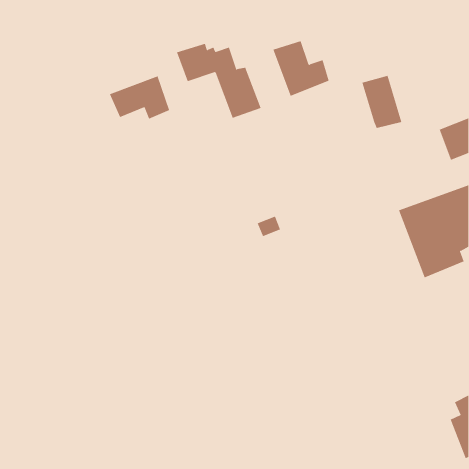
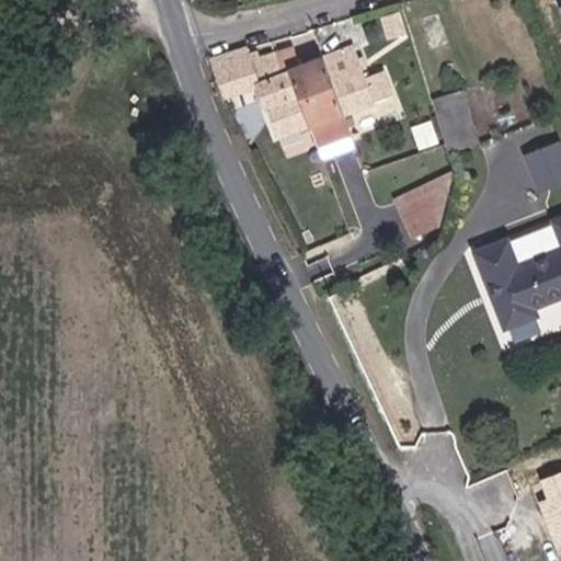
building: none -> [274,50,354,148]
building: [109,76,170,120] -> none
building: none -> [396,171,455,240]

